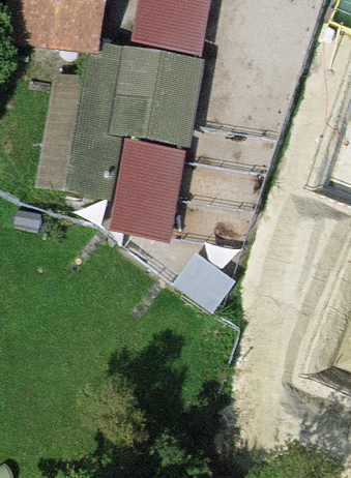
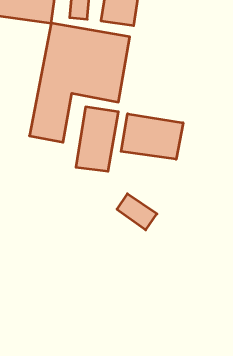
building: none -> [121,114,183,159]

